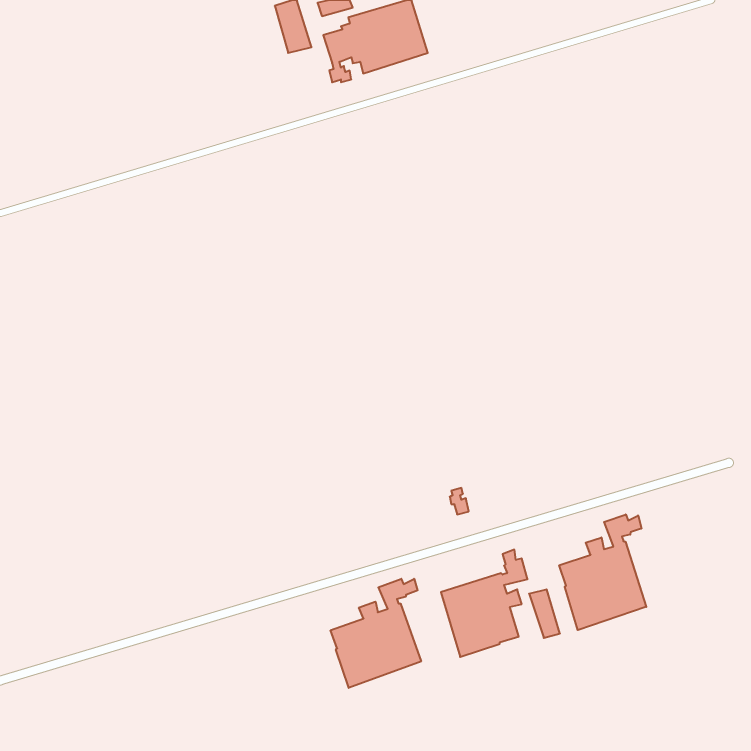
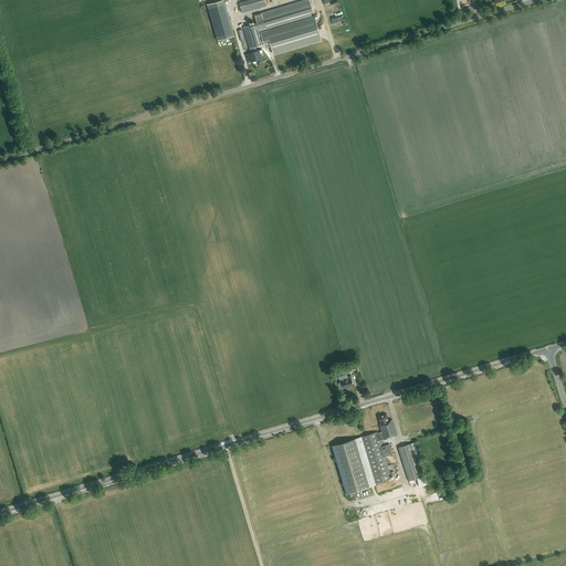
building: [559,514,646,630] -> none
building: [331,579,421,688] -> none

